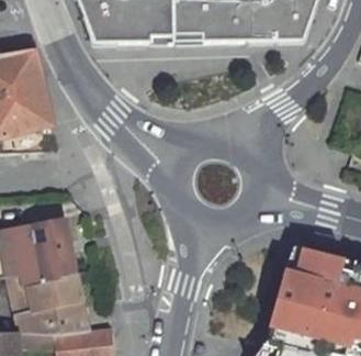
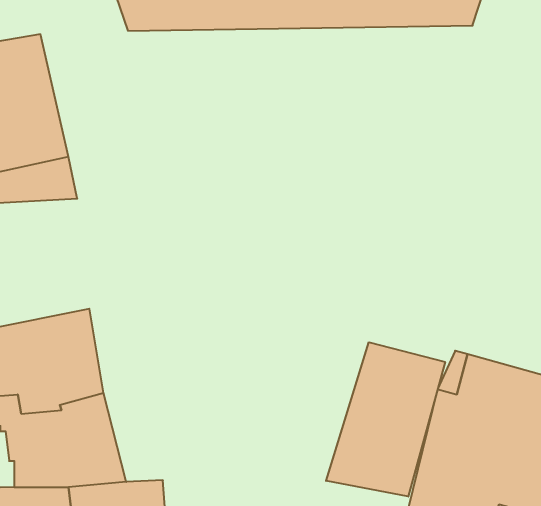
building: none -> [326,342,445,497]

